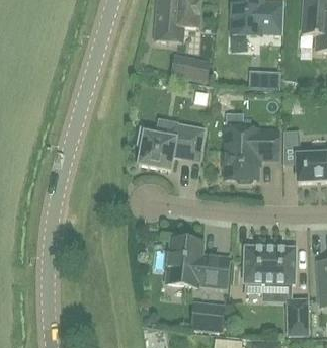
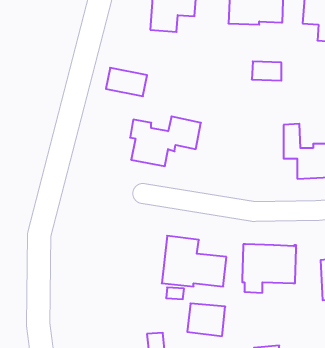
building: [170,53,210,80] -> [106,68,147,96]
building: [222,127,276,181] -> none
building: [287,297,307,334] -> none

